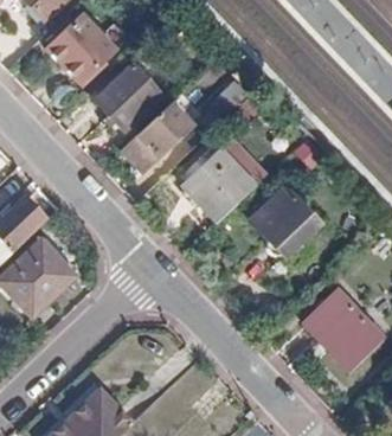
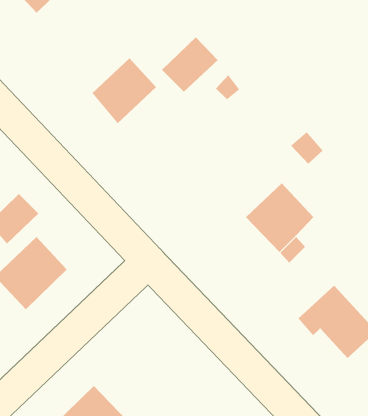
building: [45,12,115,82] -> none
building: [136,102,193,158] -> [161,36,218,92]
building: [181,148,255,222] -> none

